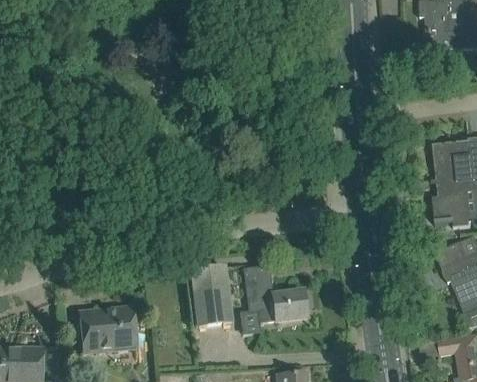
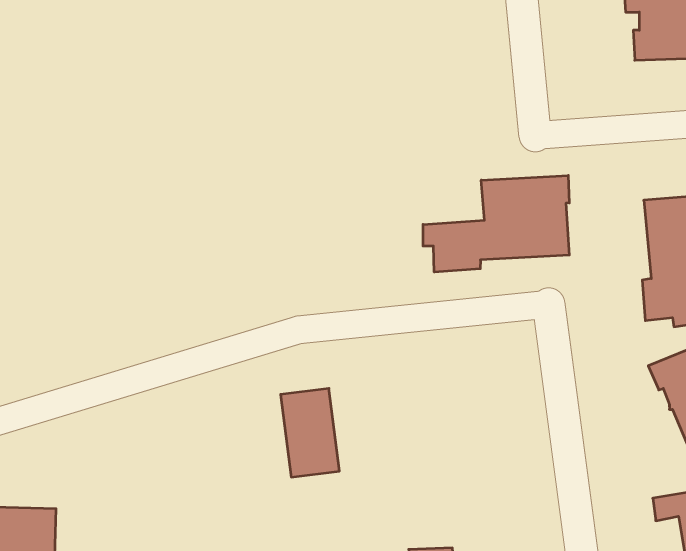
building: none -> [423,175,569,272]
building: [245,266,307,323] -> none
building: [80,307,137,353] -> none

